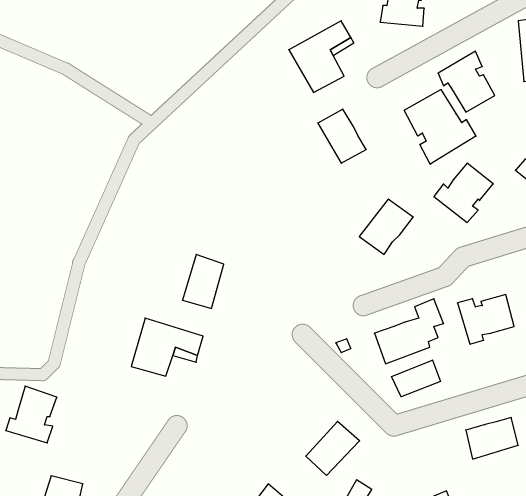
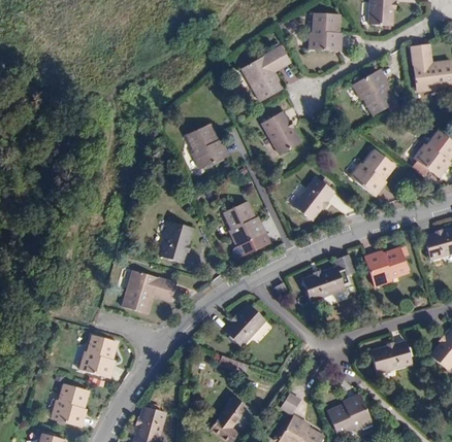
building: [404,90,476,164] -> none
building: none -> [188,126,228,170]
building: none -> [222,203,267,260]
building: [392,360,441,397] -> none
building: [6,386,57,443] -> [76,337,115,379]
building: [306,421,360,475] -> [223,306,263,346]

